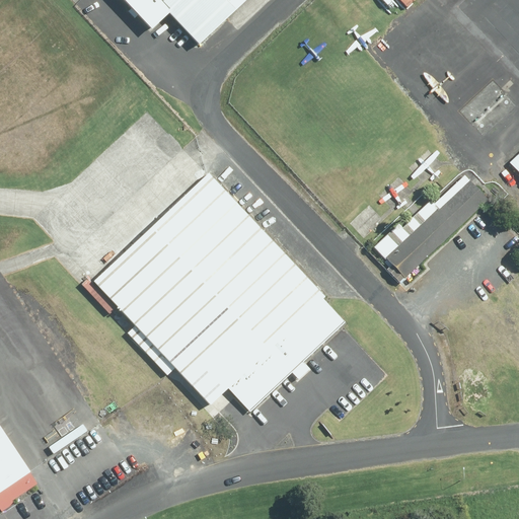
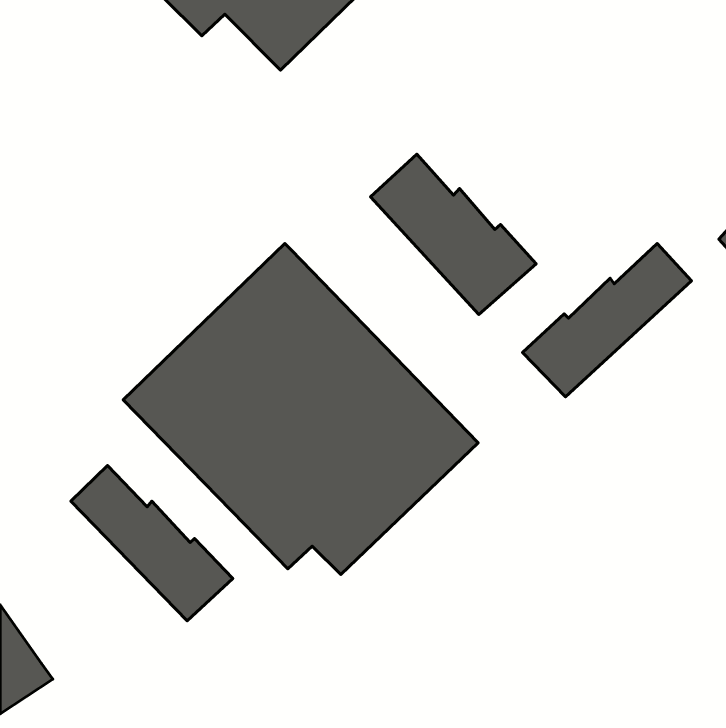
building: none -> [371,154,536,314]
building: none -> [71,465,233,621]

